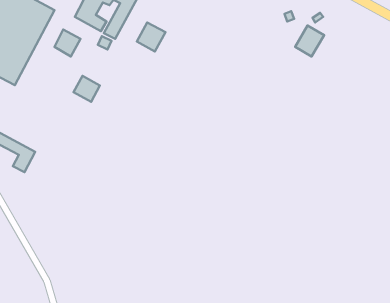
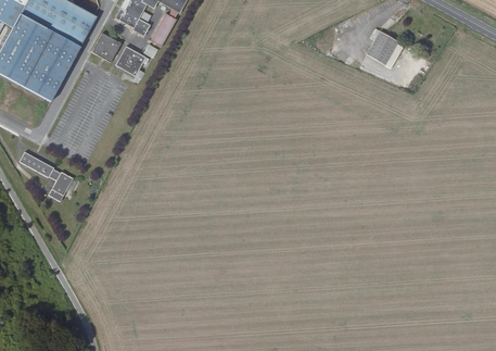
building: [137,22,165,51] -> none
building: [74,76,100,102] -> [118,50,148,79]

